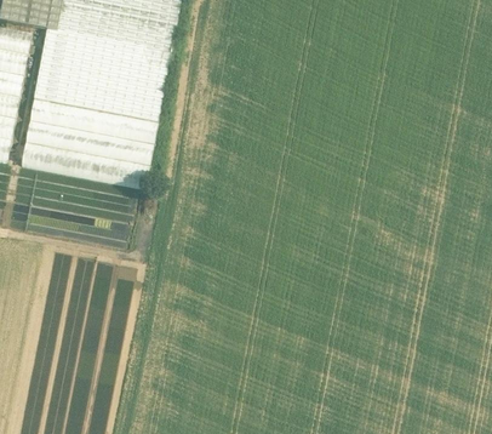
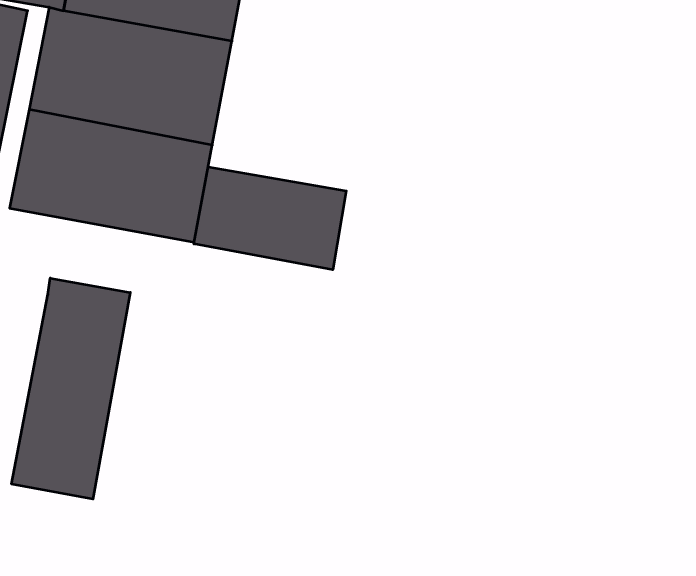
building: none -> [194,167,346,270]
building: none -> [12,278,130,499]

